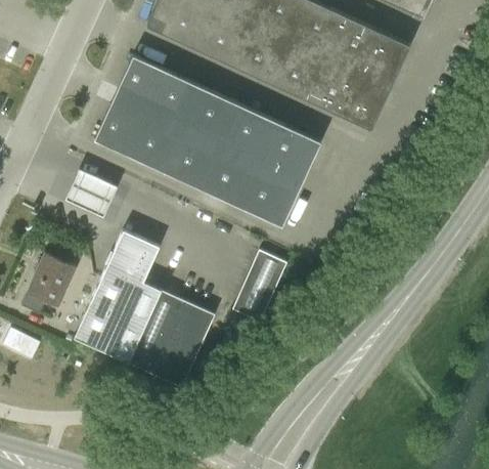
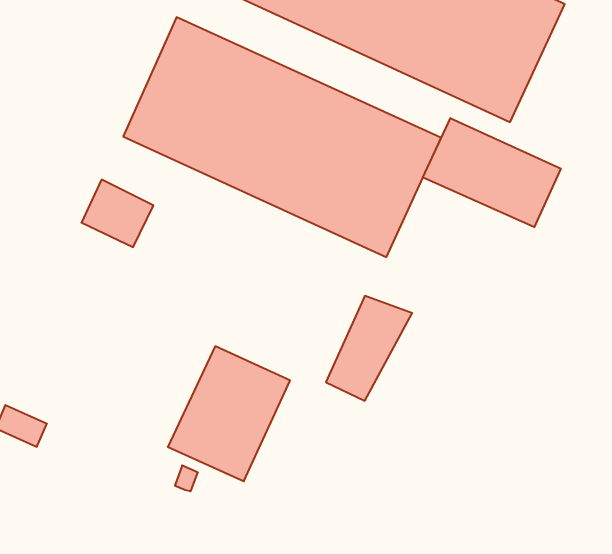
building: none -> [423,118,561,227]
building: [74,230,160,361] -> none
building: [19,253,75,314] -> none

